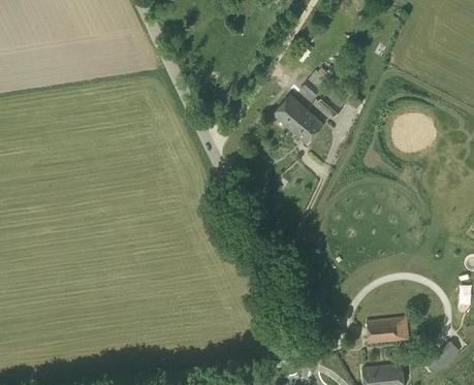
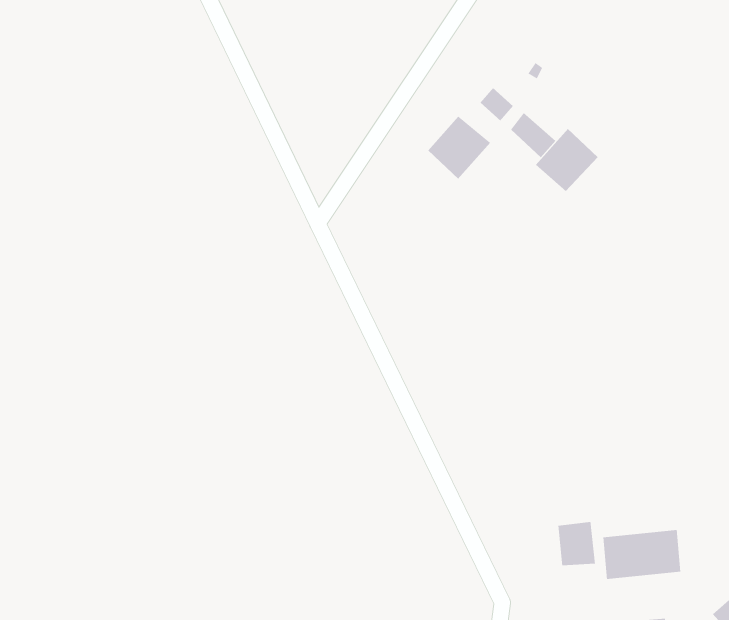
building: [289,109,323,143] -> [535,128,598,192]
building: none -> [558,521,595,566]

